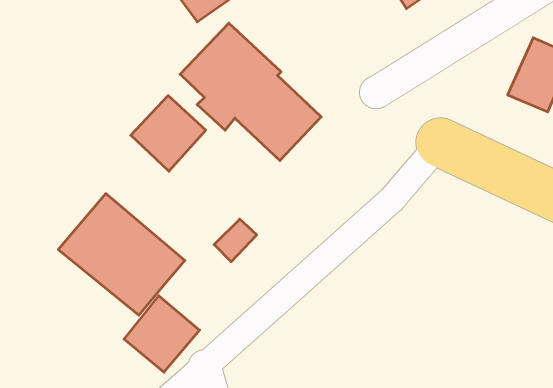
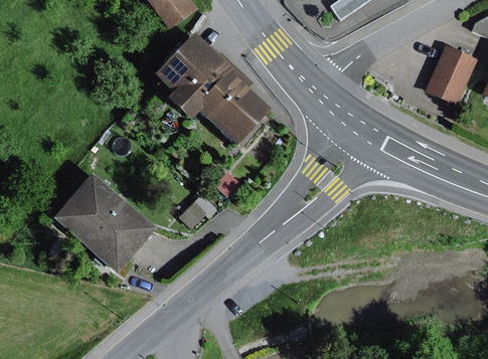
building: [131,96,206,171] -> none
building: [124,296,200,372] -> none

